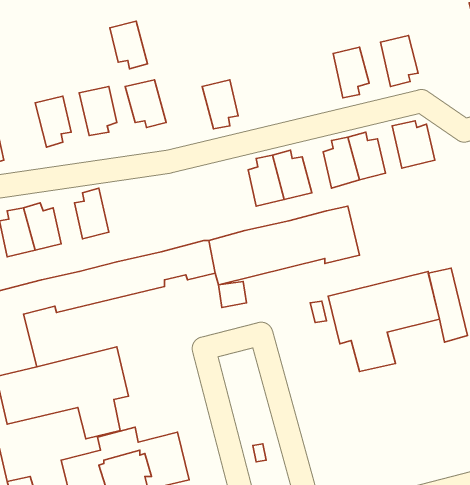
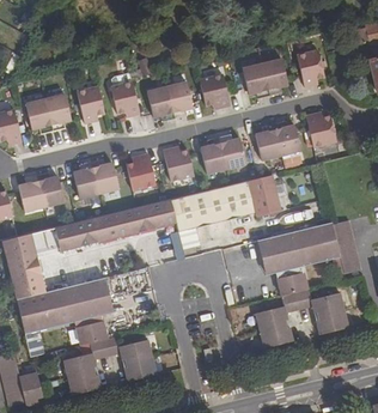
building: [110,21,148,69] -> [147,86,175,121]
building: none -> [242,62,269,98]
building: none -> [199,73,230,108]
building: none -> [25,98,53,133]
building: none -> [163,146,194,181]
building: none -> [126,153,156,189]
building: none -> [91,158,118,193]
building: none -> [255,289,348,347]

